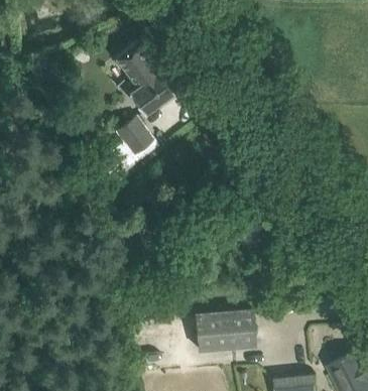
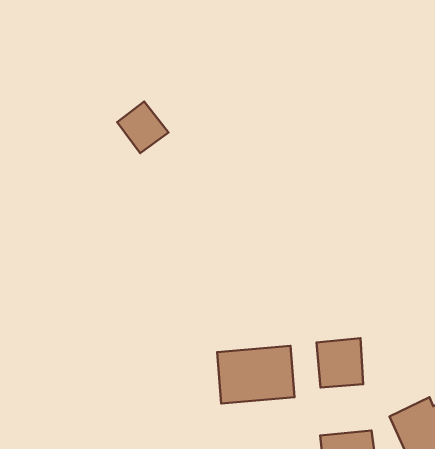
building: [114,43,174,115] -> none
building: none -> [317,338,363,388]

